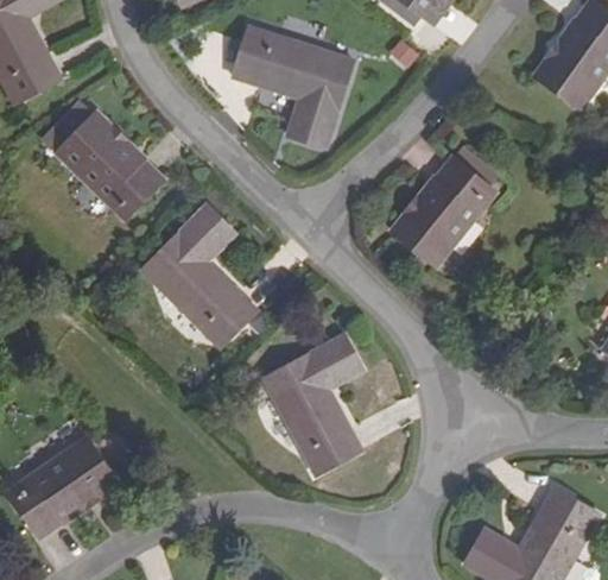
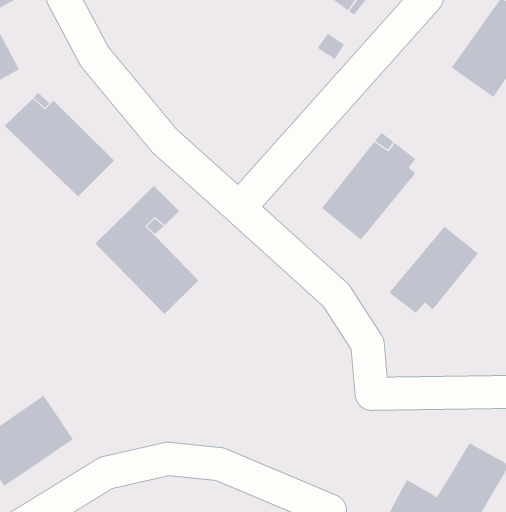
building: [234,27,354,147] -> none
building: none -> [389,226,479,314]
building: [264,335,362,474] -> none

